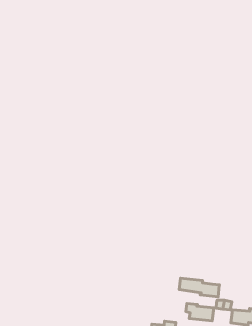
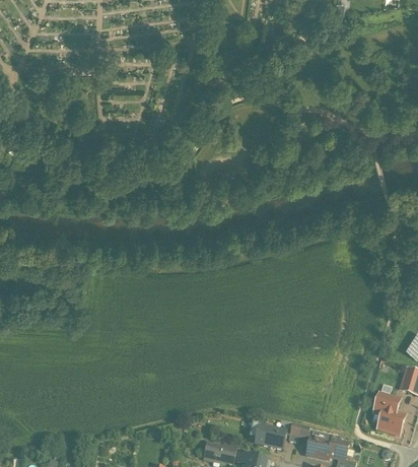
building: [179,278,220,297] -> none

